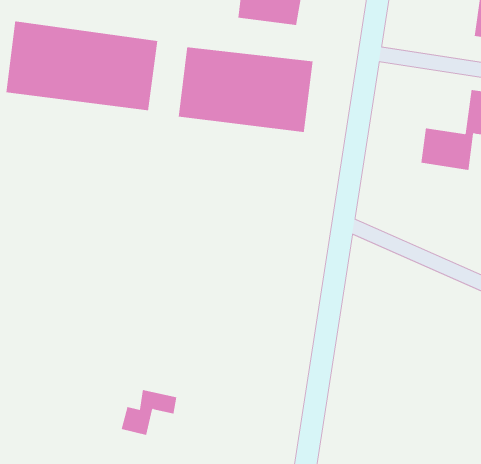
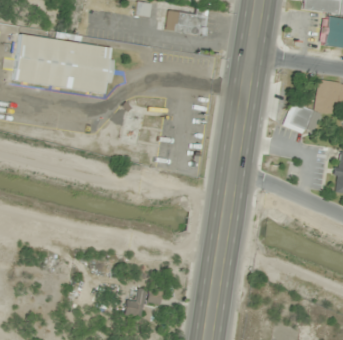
building: [178,46,313,133] -> none
building: [121,390,177,435] -> [124,288,161,318]

